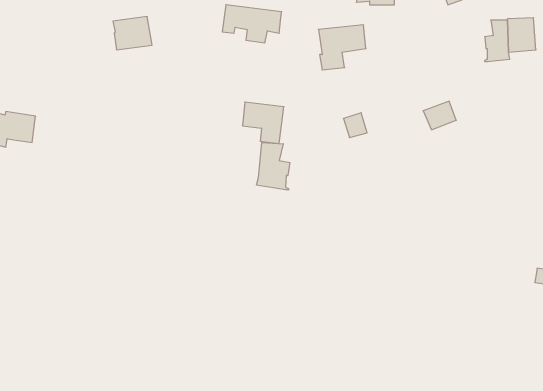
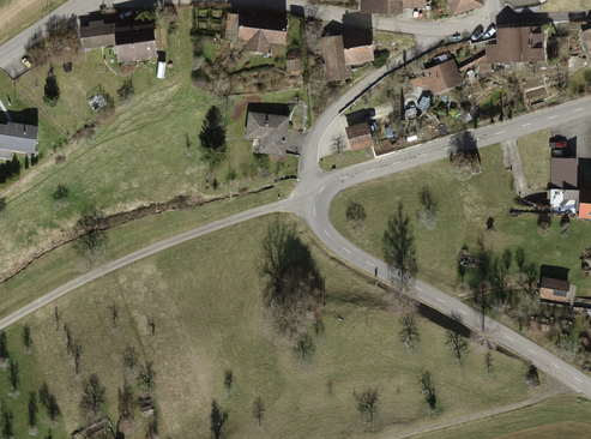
building: none -> [79,24,117,46]
building: [423,101,456,130] -> [424,61,458,90]
building: [257,142,290,190] -> none

